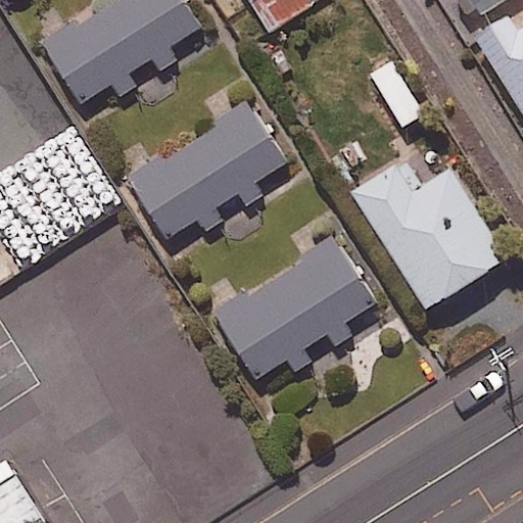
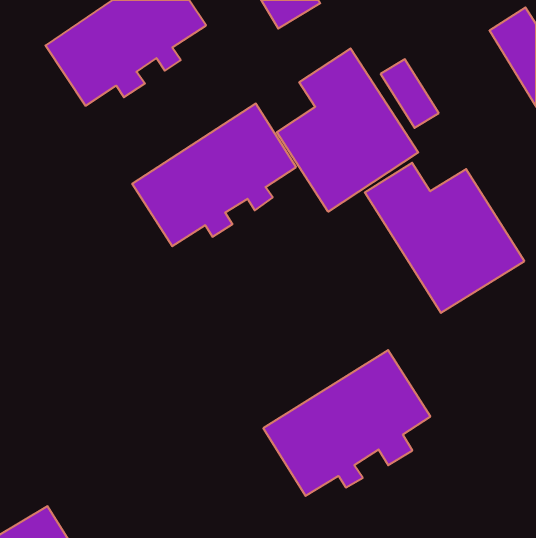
building: none -> [277,48,418,212]
building: [213,238,375,379] -> [263,350,430,496]

